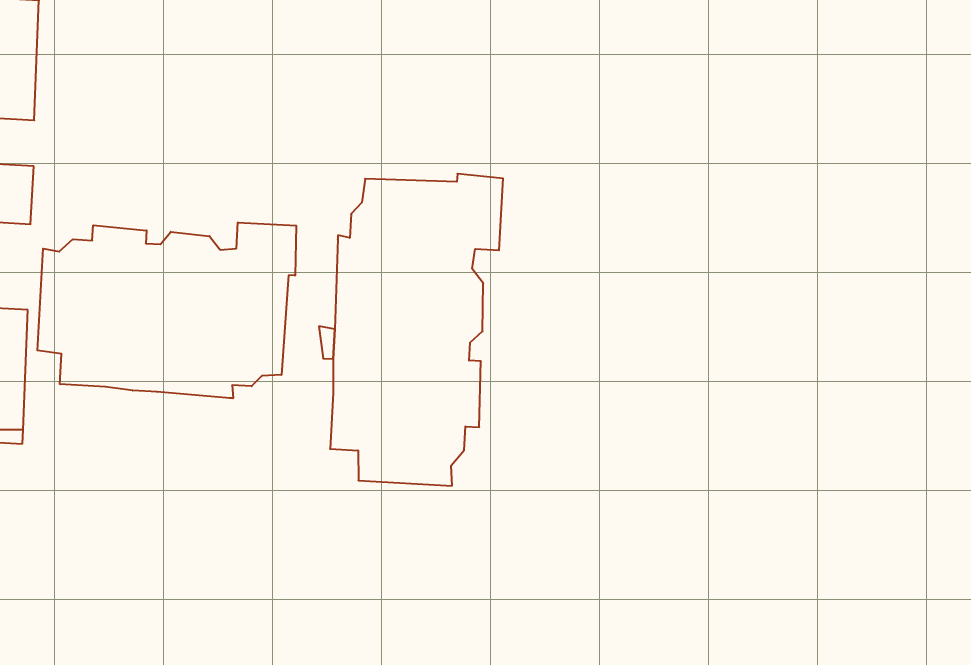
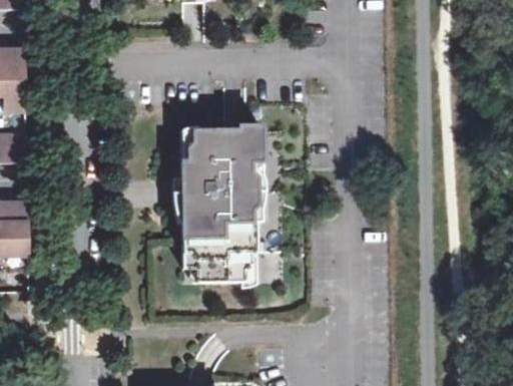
building: [37,222,296,398] -> none

